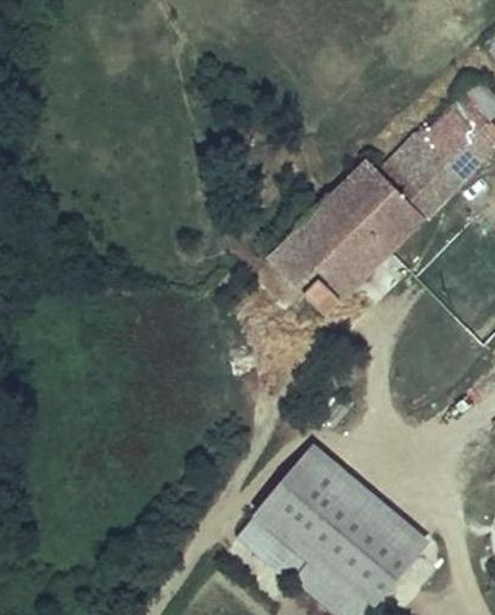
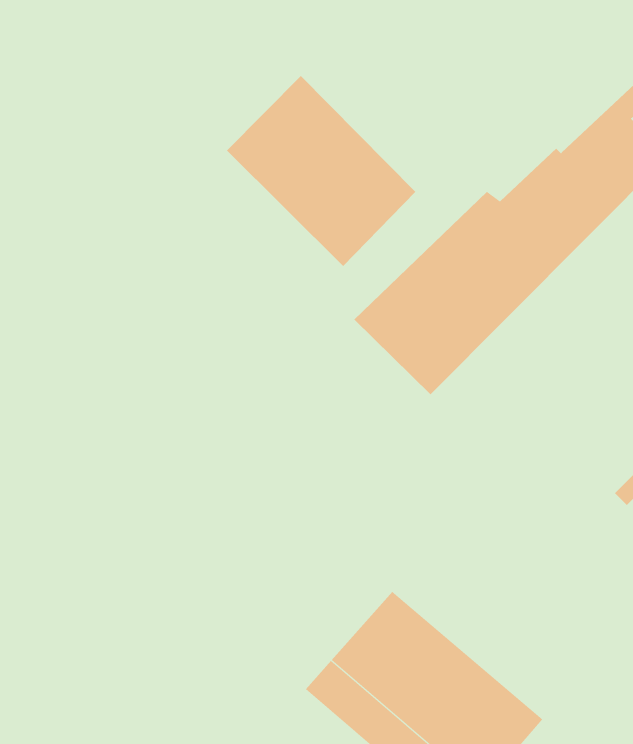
building: none -> [226,75,416,267]

